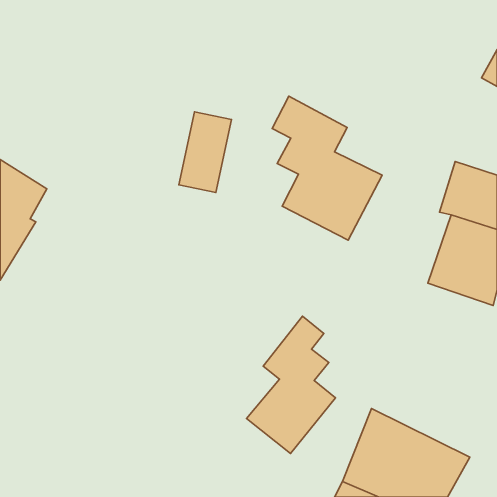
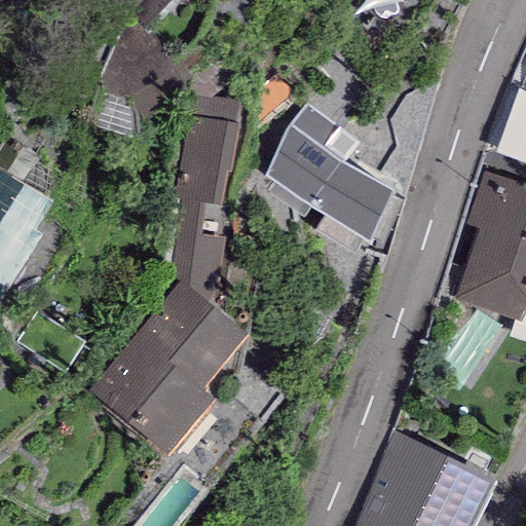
building: none -> [84,279,245,456]
building: [247,316,336,454] -> none

